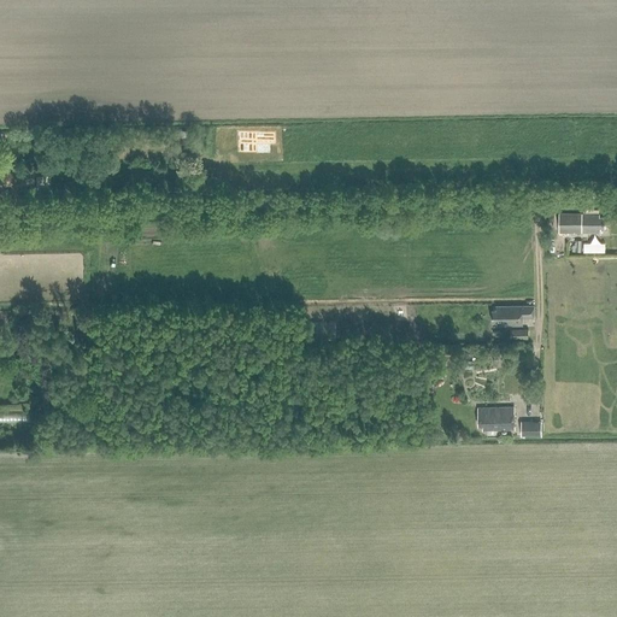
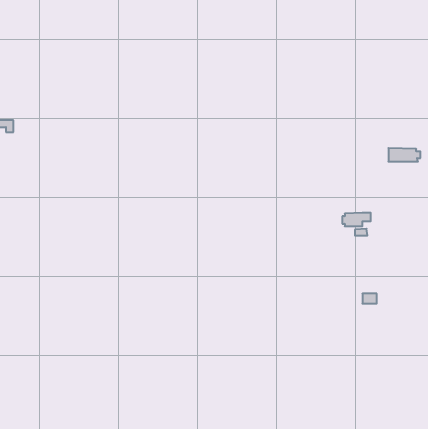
building: [476,406,512,429] -> none

